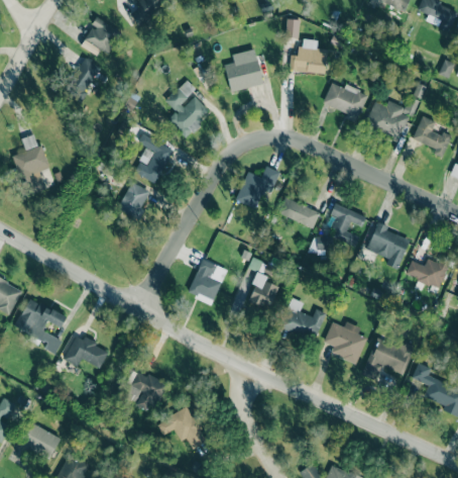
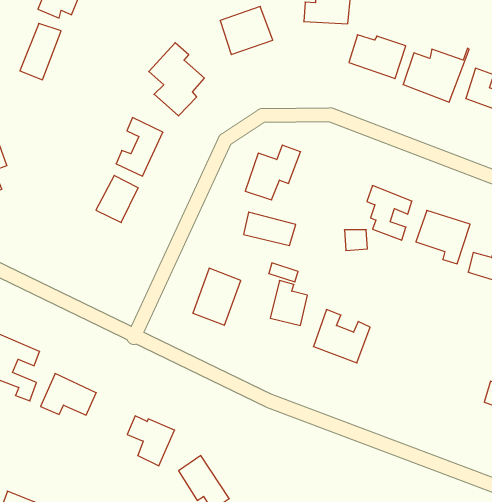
building: [278,198,320,226] -> [244,212,296,246]
building: [324,321,366,363] -> none
building: [363,336,413,378] -> none

